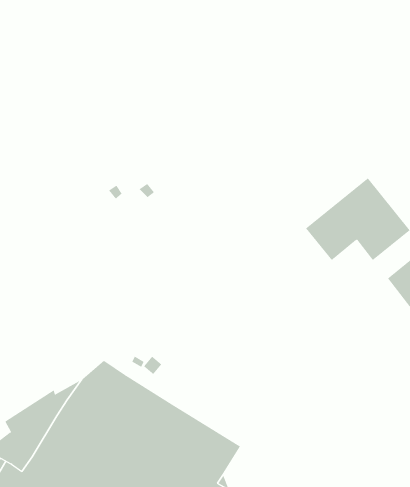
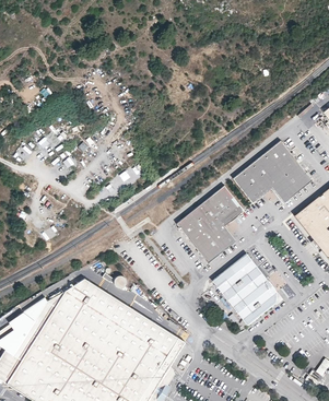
building: none -> [176,185,244,262]
building: none -> [212,253,277,325]

